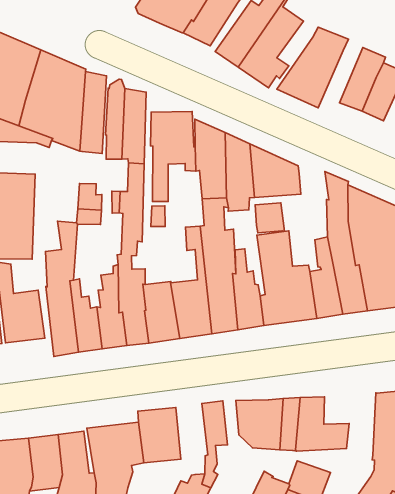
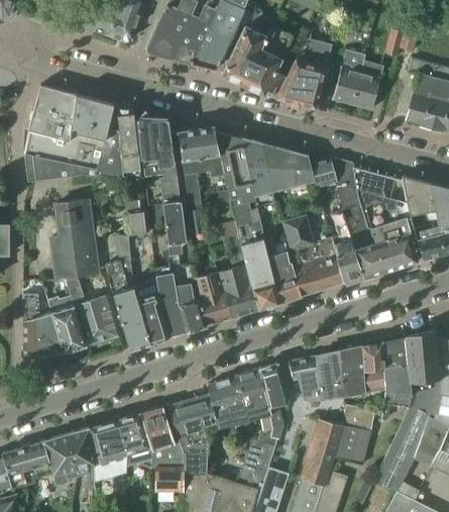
building: [255,203,285,233] -> [309,159,337,187]
building: none -> [360,337,412,408]
building: none -> [237,370,270,430]

